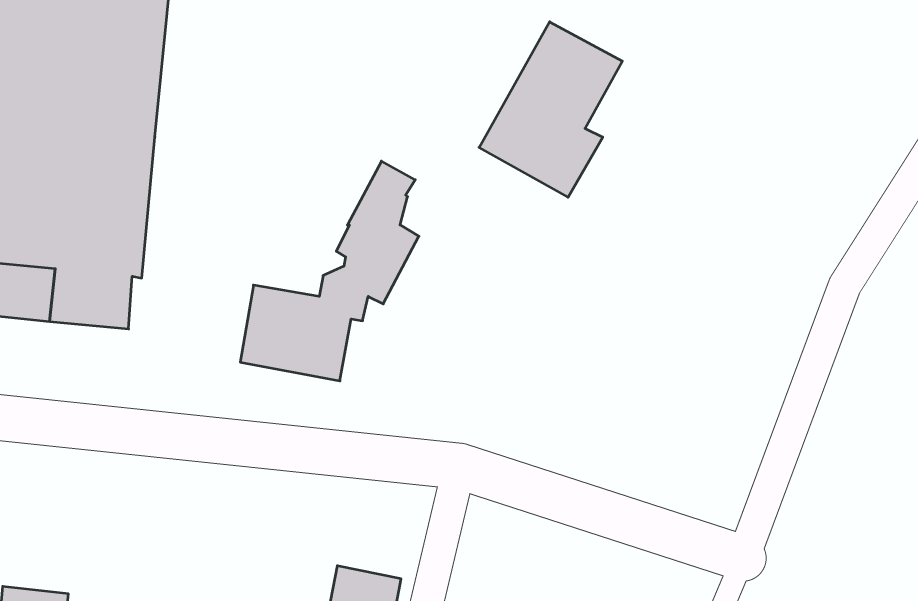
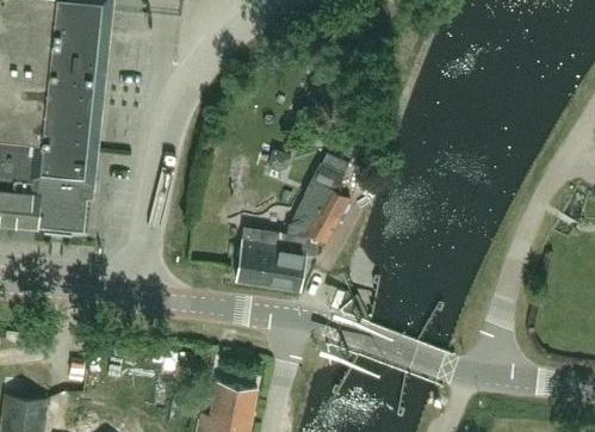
building: [479,22,622,197] -> none
building: [240,161,419,381] -> [236,155,349,295]

